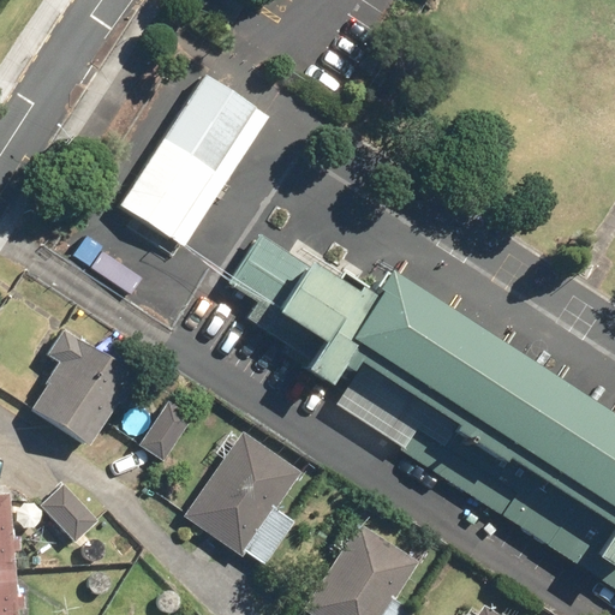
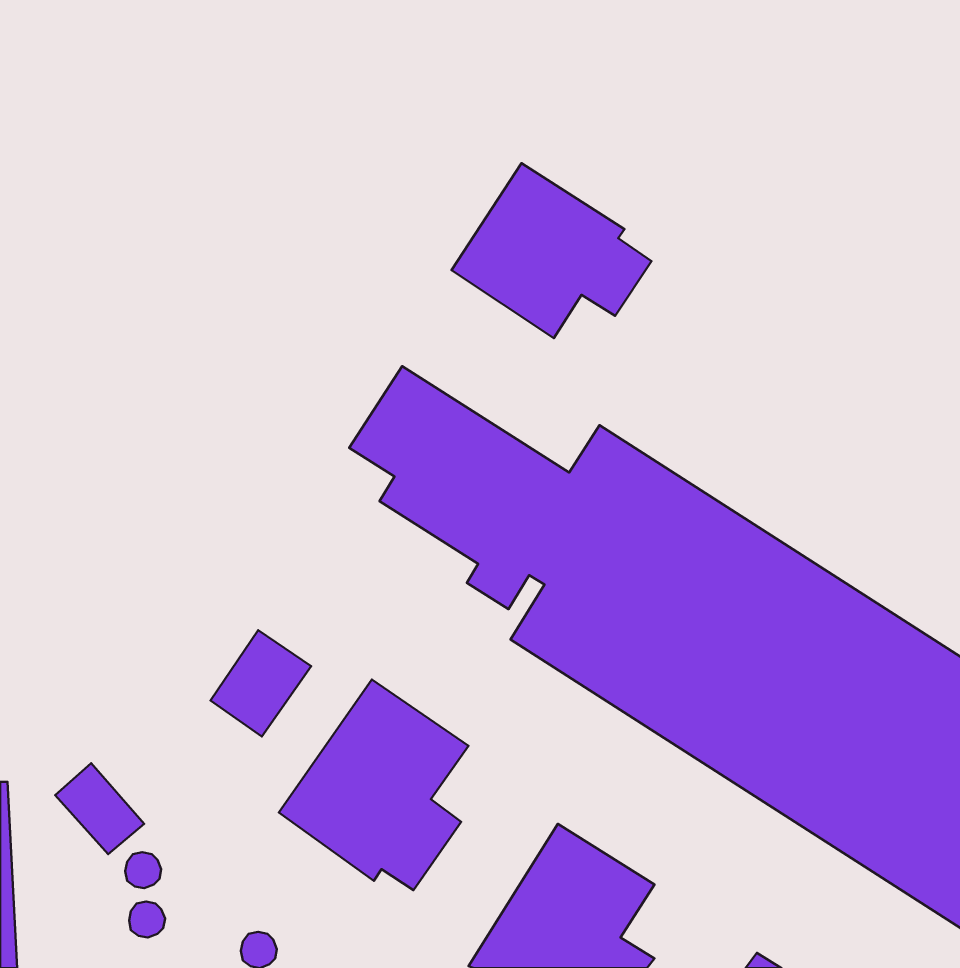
building: [127,71,269,239] -> none
building: none -> [451,163,651,338]
building: [29,328,136,448] -> none

